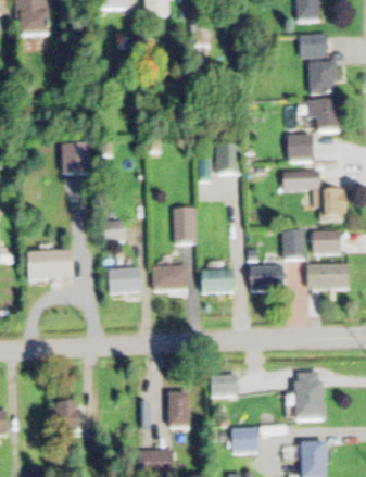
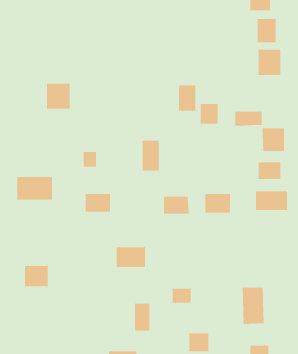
building: [288,136,310,160] -> [200,104,219,124]
building: [282,229,302,258] -> none
building: [152,265,187,289] -> [116,247,146,268]
building: [50,401,78,426] -> [24,265,49,287]

